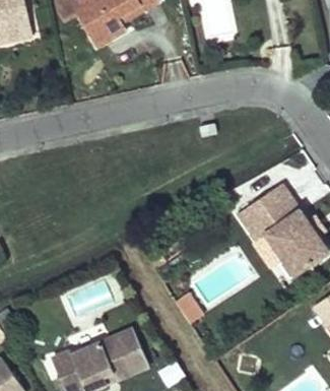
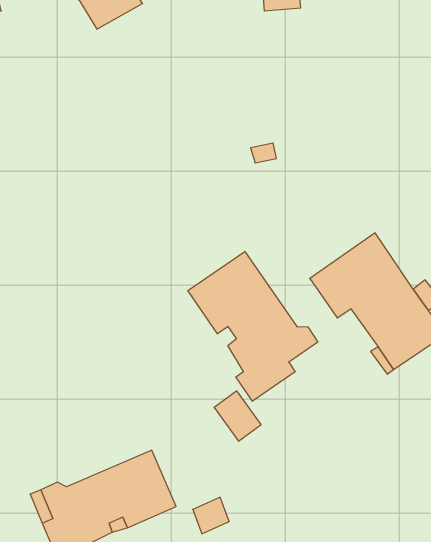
building: none -> [188,251,318,401]

